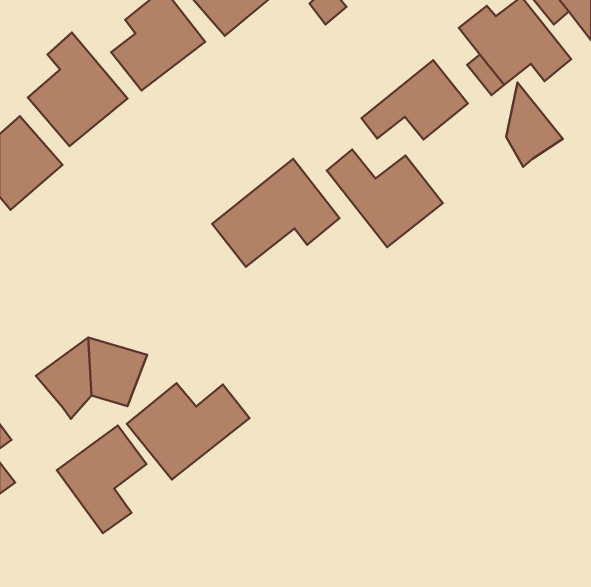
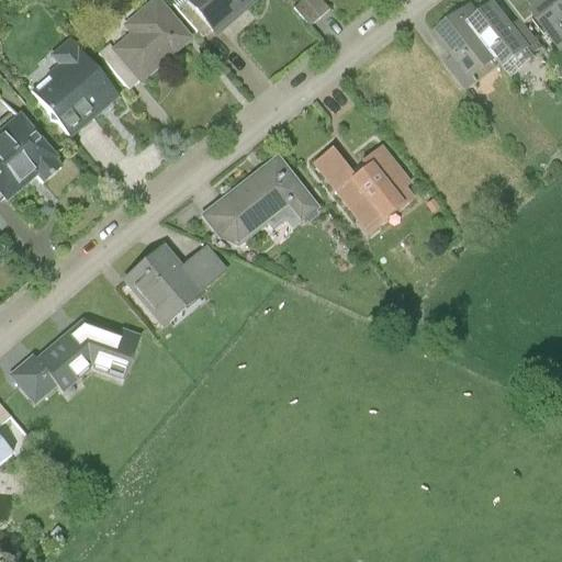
building: [362,60,468,139] -> none
building: [506,83,563,167] -> none
building: none -> [4,350,59,407]
building: [127,383,250,479] -> [116,238,233,329]
building: [57,425,147,533] -> none

